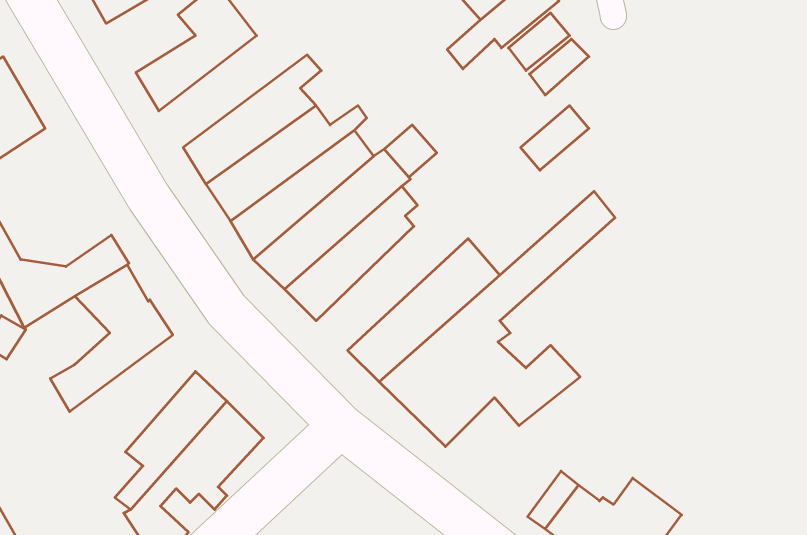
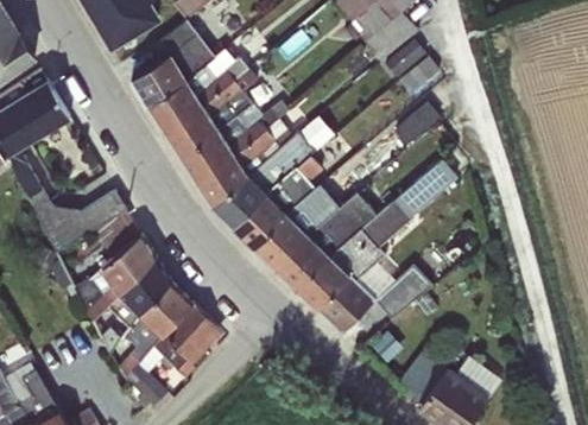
building: none -> [146,47,247,131]
building: none -> [253,159,384,268]
building: none -> [86,258,171,355]

